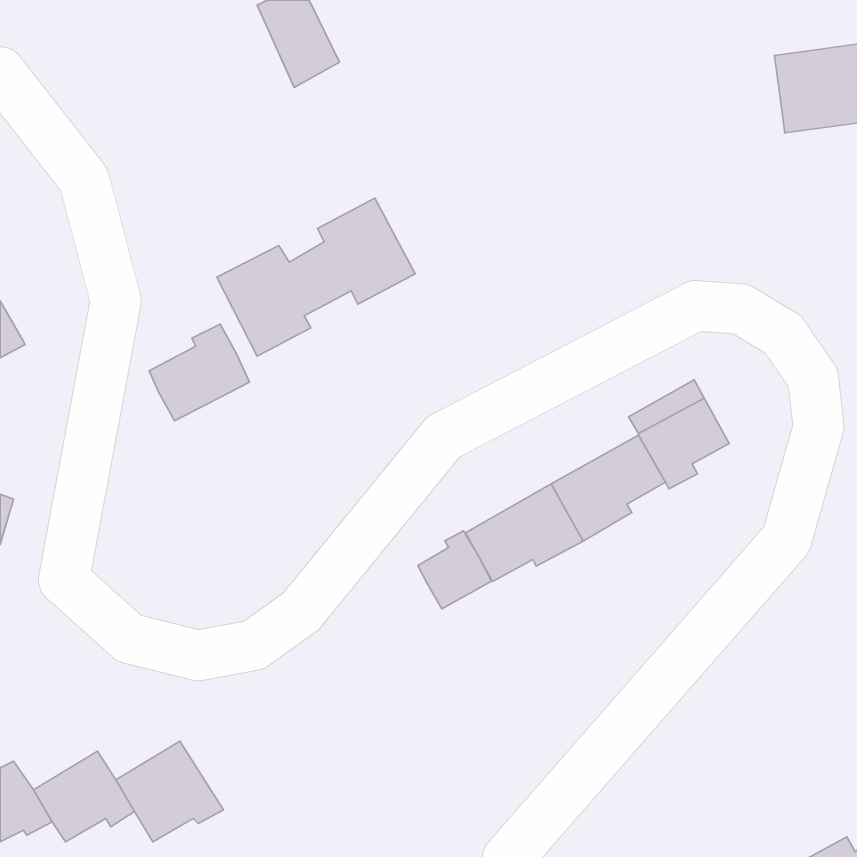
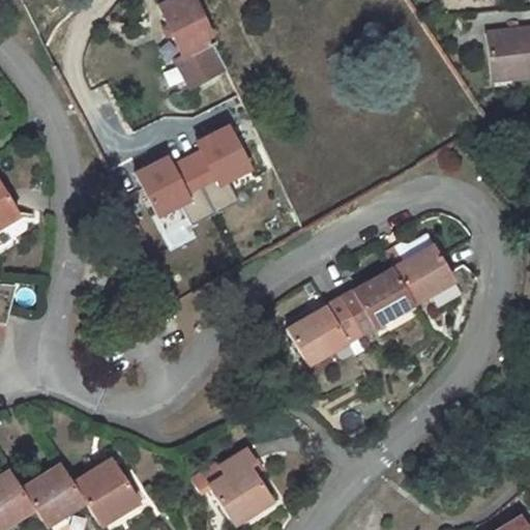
building: none -> [176,39,224,83]
building: [149,324,250,421] -> none
building: [418,531,491,609] -> none
building: none -> [209,451,273,521]

